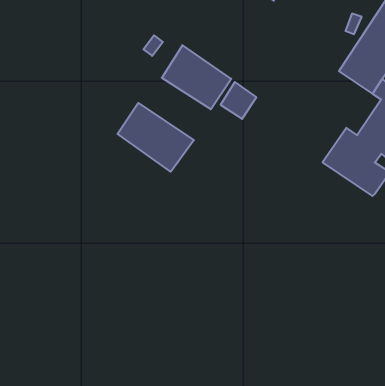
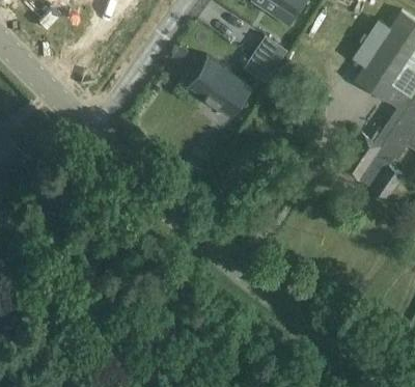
building: [221,82,256,119] -> [251,37,285,73]
building: [117,103,194,172] -> none

